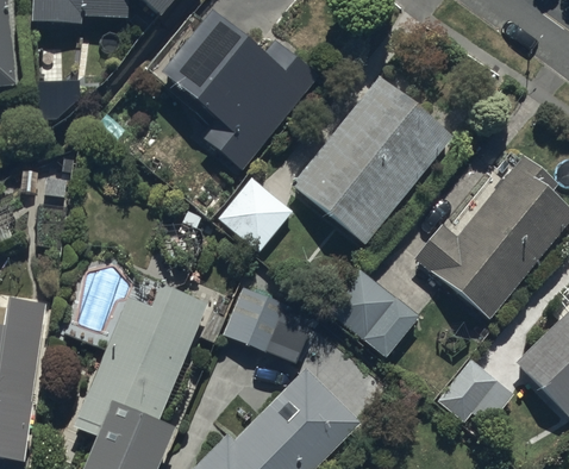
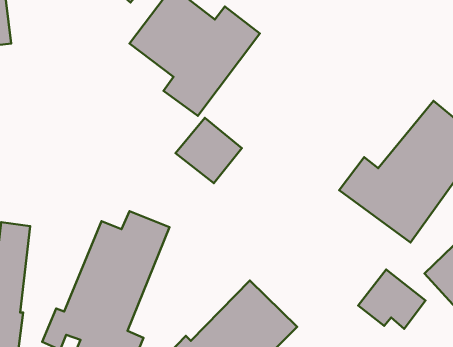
building: [287,74,452,245] -> none
building: [321,262,420,358] -> none
building: [221,284,307,356] -> none

